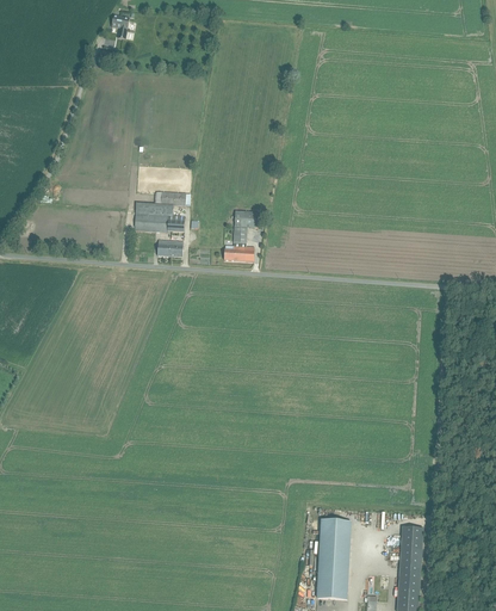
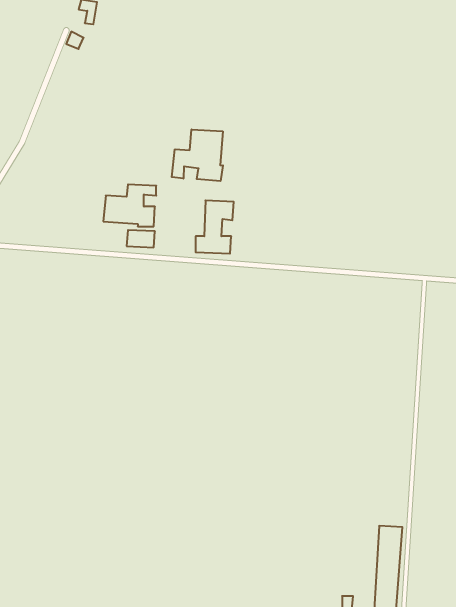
building: none -> [172,129,223,181]
building: [316,519,351,598] -> none

